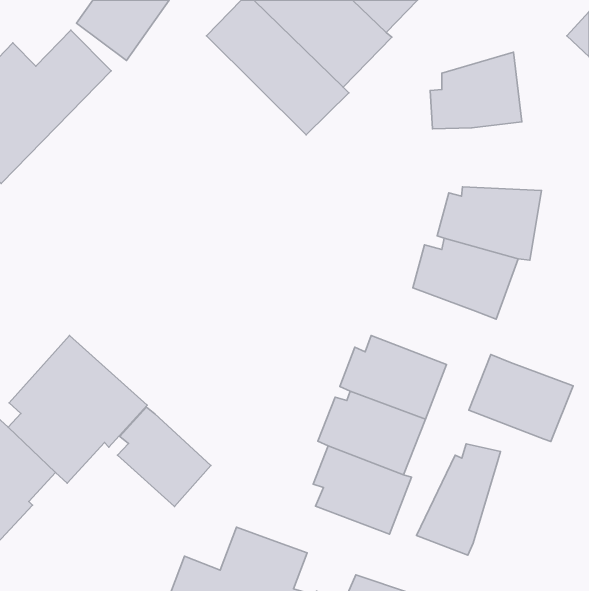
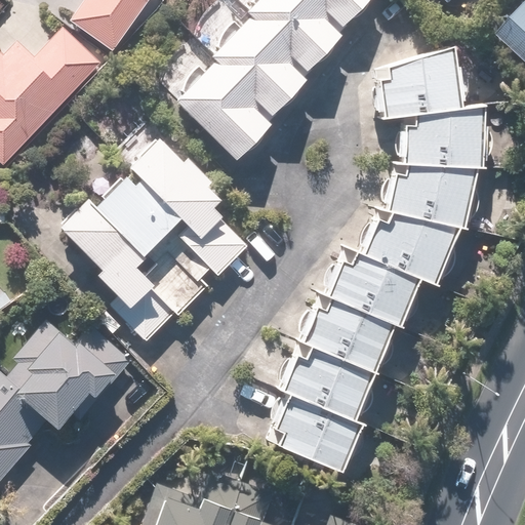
building: none -> [146,34,274,160]
building: none -> [402,107,487,171]
building: none -> [60,117,247,345]
building: [469,354,573,441] -> [328,249,420,326]
building: [117,407,211,506] -> none
building: [416,444,500,555] -> none

